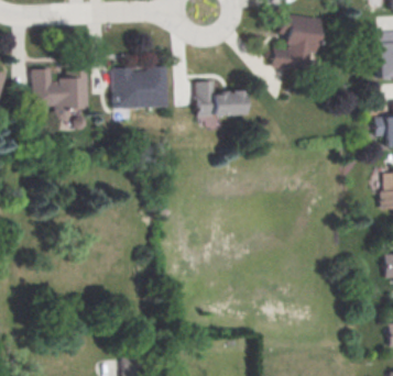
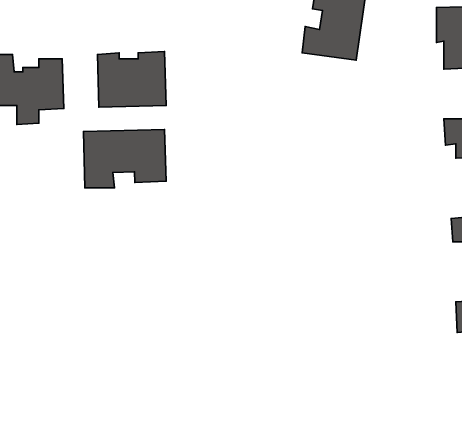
building: [196,81,242,115] -> none
building: none -> [84,129,166,188]

